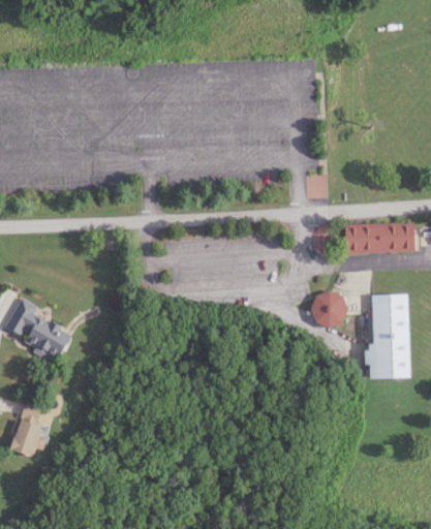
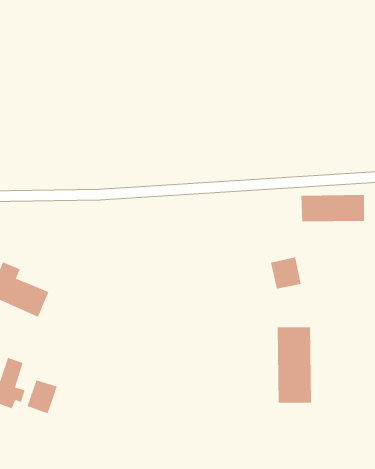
building: [370,294,408,378] -> [277,327,312,403]
building: none -> [27,379,57,414]

